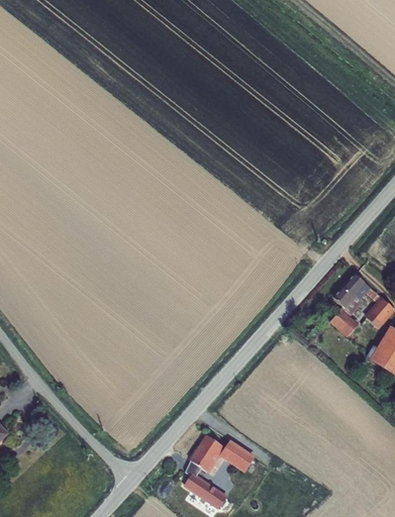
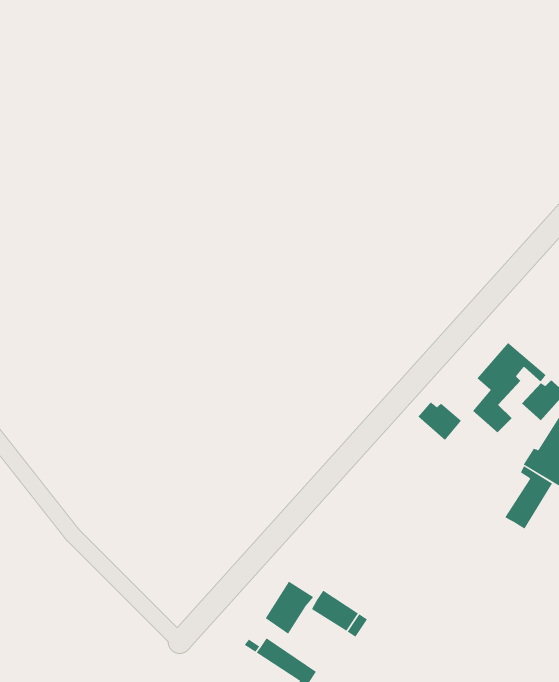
building: none -> [417,402,462,441]
building: none -> [505,465,553,529]

